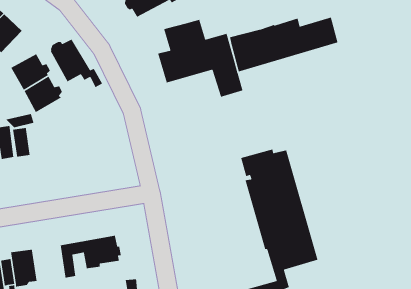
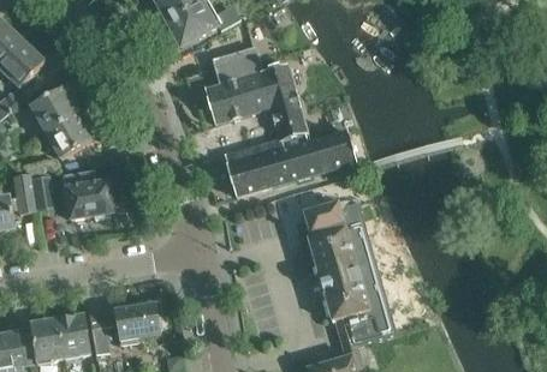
building: [229,17,339,72] -> [225,131,355,197]
building: [50,38,103,88] -> none
building: none -> [64,170,113,218]
building: none -> [57,314,90,358]

